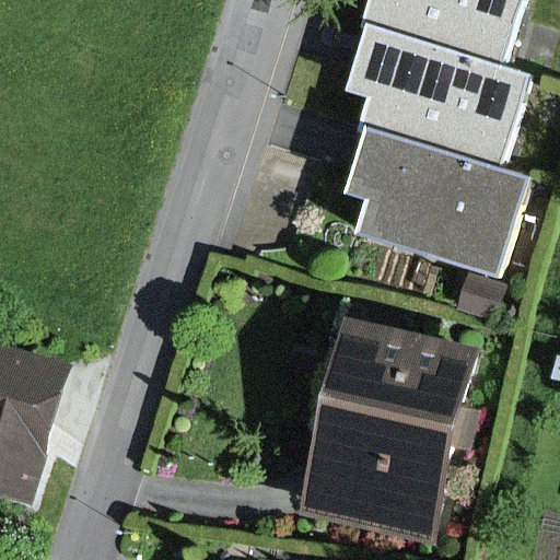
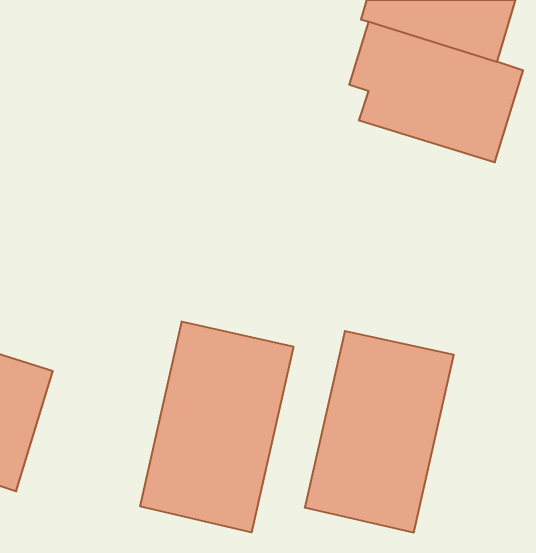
building: [349,124,528,271] -> none
building: none -> [140,321,293,532]

